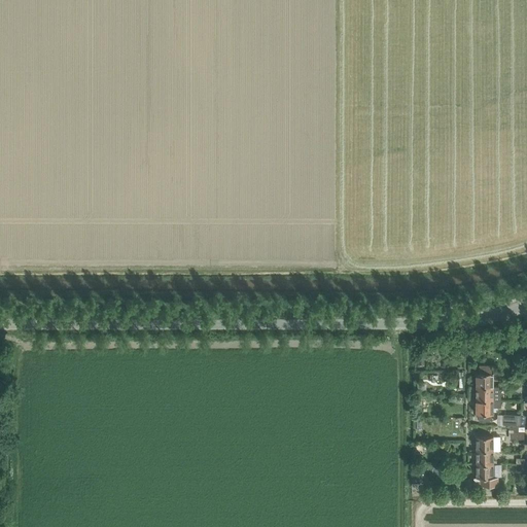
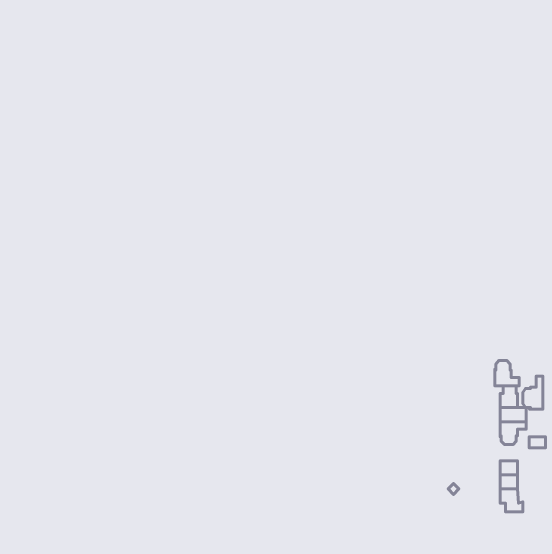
building: none -> [495,361,519,386]
building: none -> [523,376,543,409]

